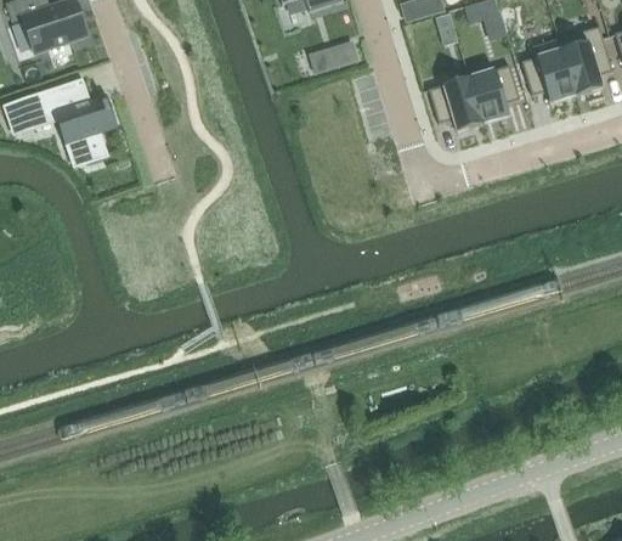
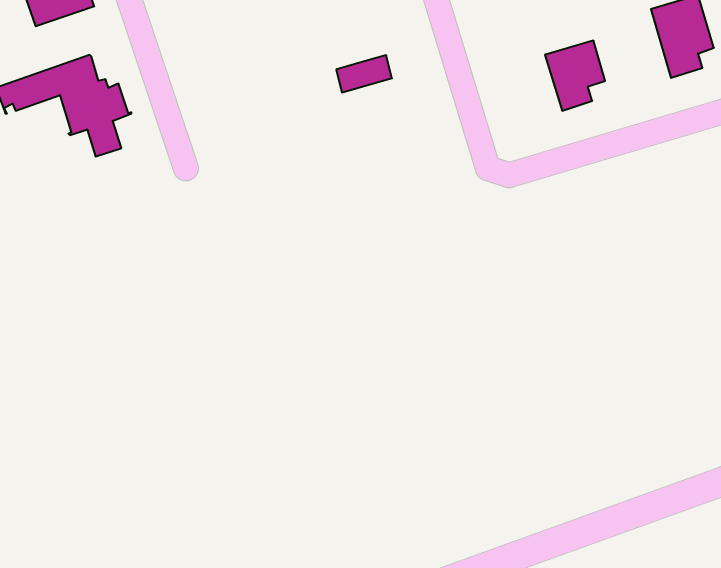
building: [521,38,576,103] -> none
building: [310,41,357,73] -> [336,55,392,93]
building: [429,77,484,131] -> none

